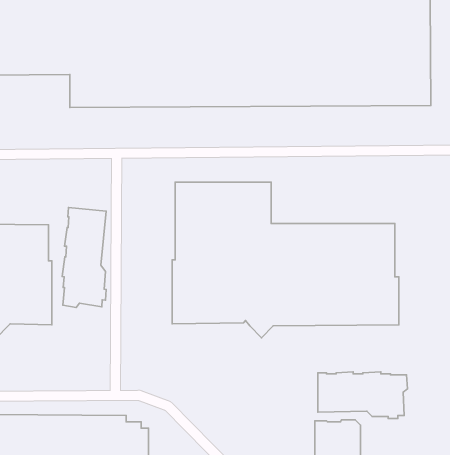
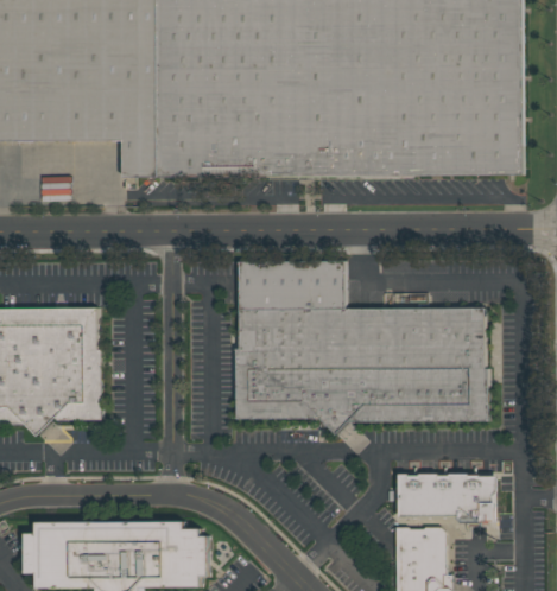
building: [62,207,106,308] -> none

